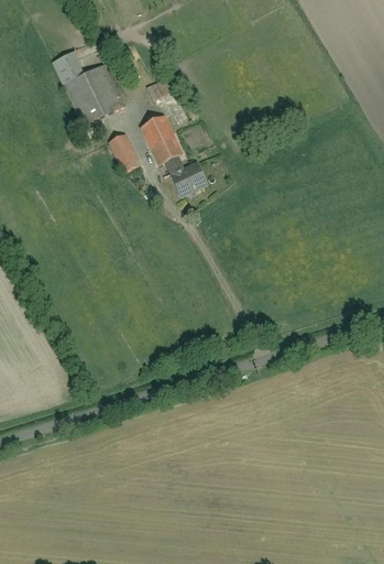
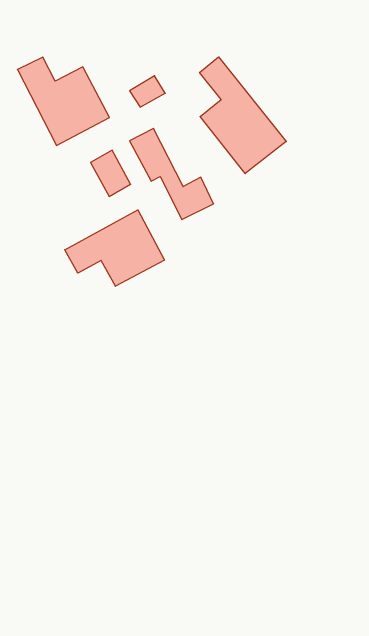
building: none -> [200,57,286,174]
building: none -> [65,210,164,286]

